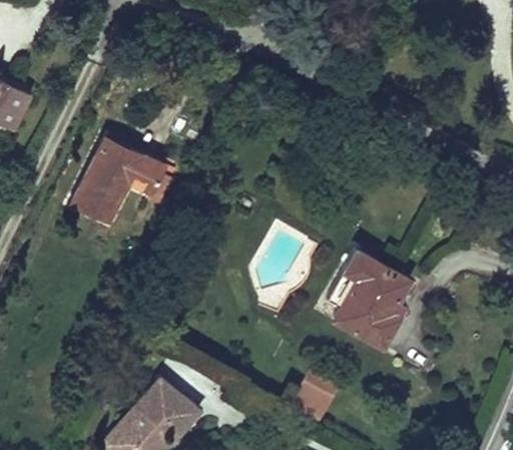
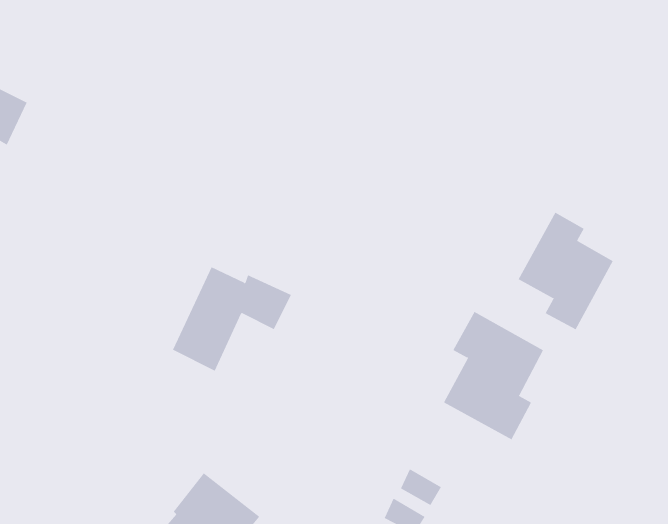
building: [70,142,159,220] -> [172,267,292,371]
building: none -> [518,212,613,330]

